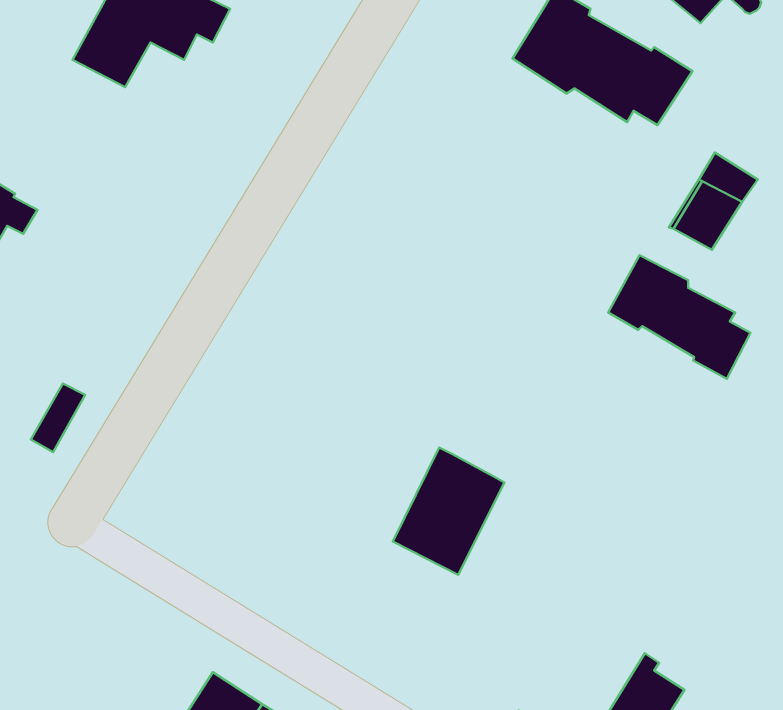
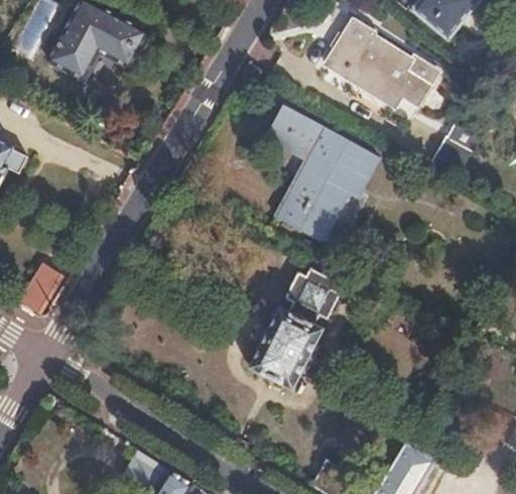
building: none -> [266,107,378,240]
building: [608,255,750,379] -> none
building: none -> [286,269,340,326]

